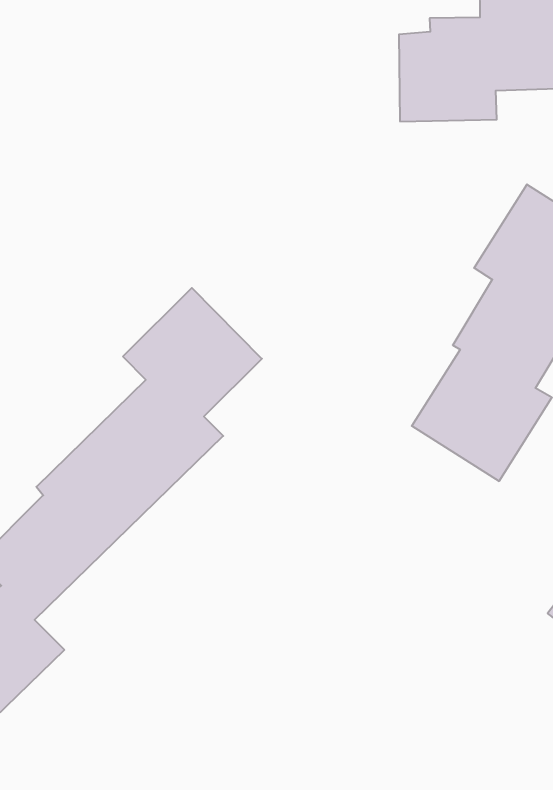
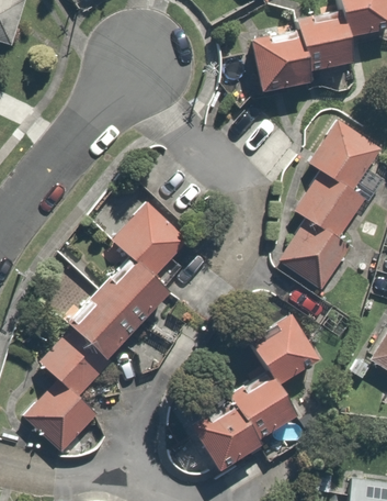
building: none -> [189,314,316,470]

